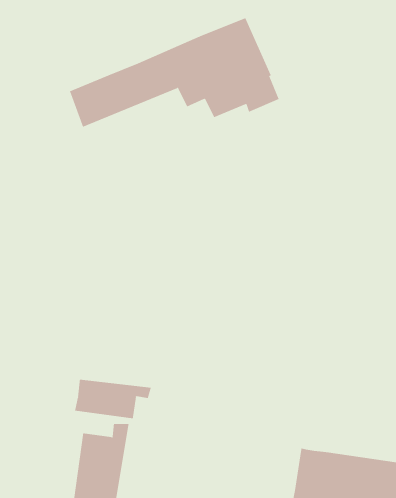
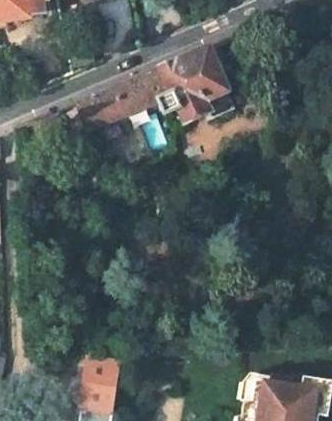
building: [75,379,152,419] -> none

